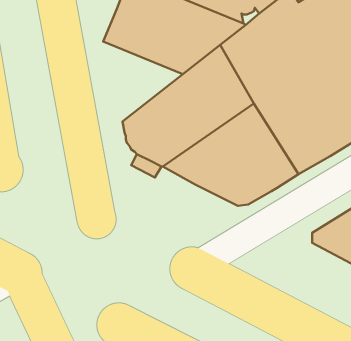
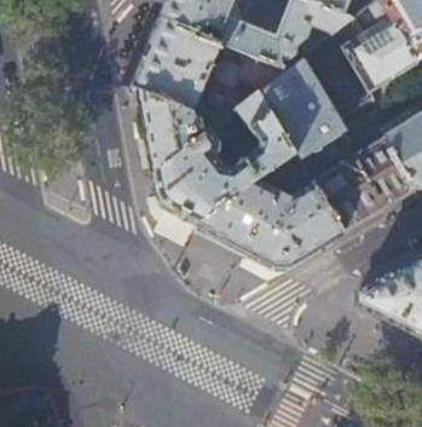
building: none -> [138,88,218,172]

